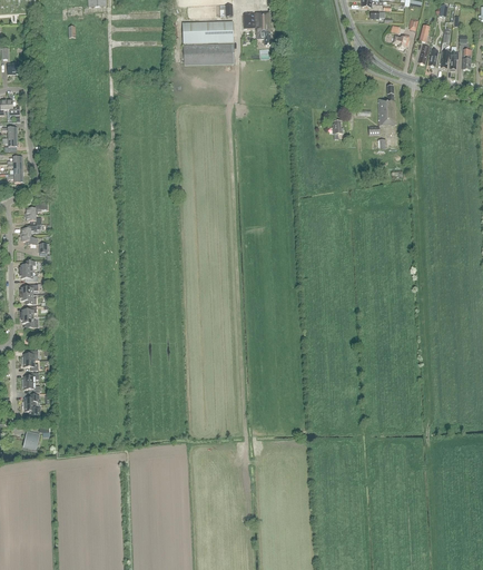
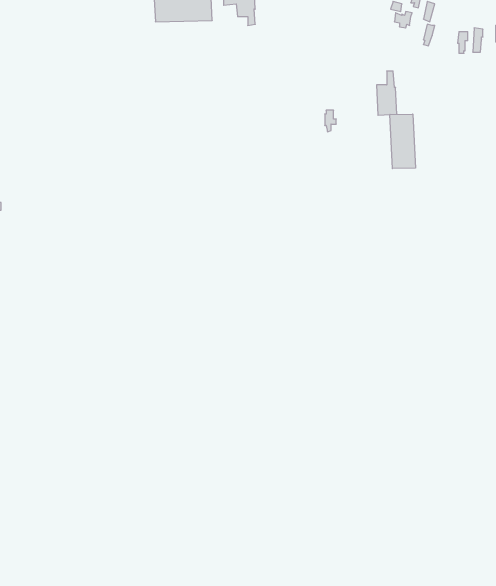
building: [183,42,233,65] -> none
building: none -> [390,114,415,169]

